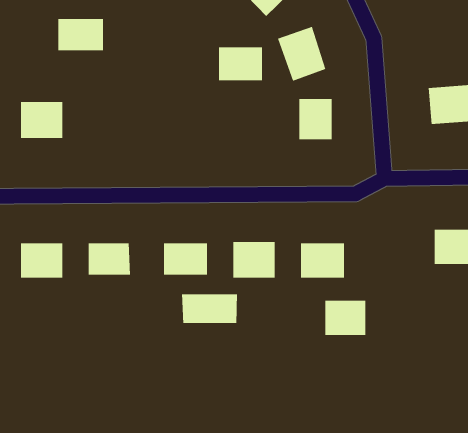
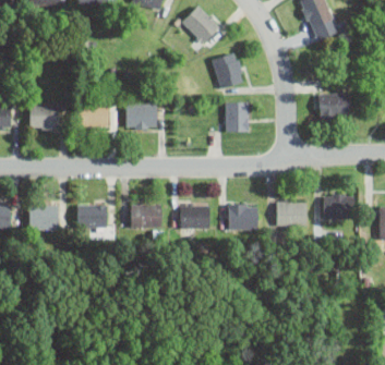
building: [58,19,104,51] -> [79,105,111,127]
building: [218,47,263,81] -> [127,105,158,129]
building: [182,294,237,324] -> none
building: [324,300,366,336] -> [278,202,308,227]

